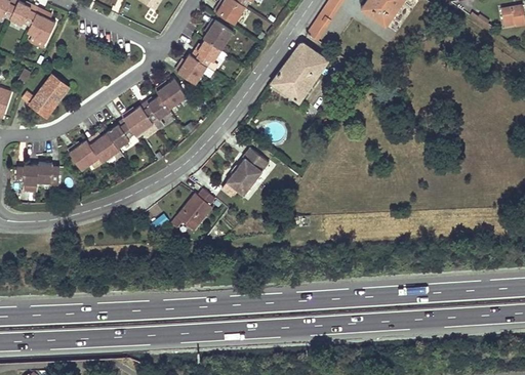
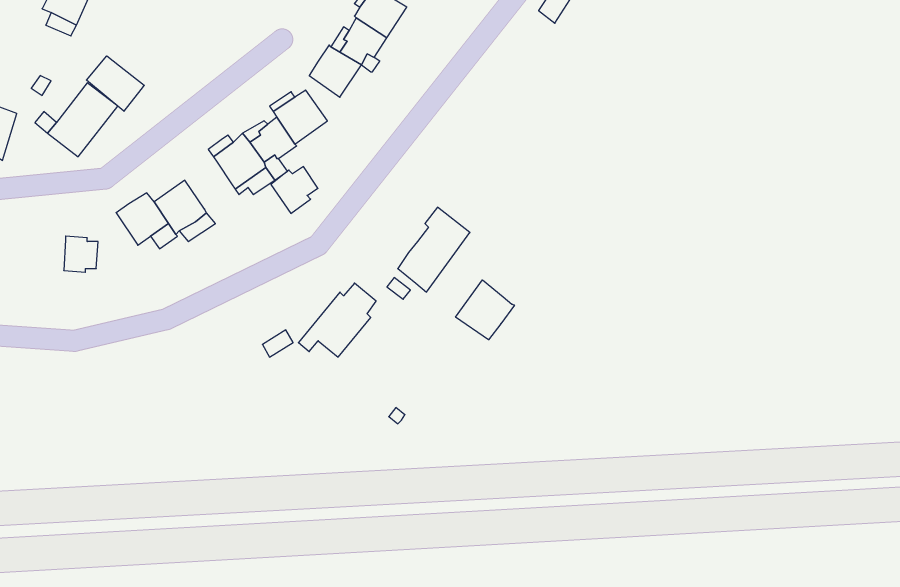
building: [273,43,331,105] -> none
building: none -> [86,56,144,111]
building: [107,120,133,147] -> [271,167,318,213]
building: [14,163,39,184] -> none
building: none -> [456,280,514,340]

